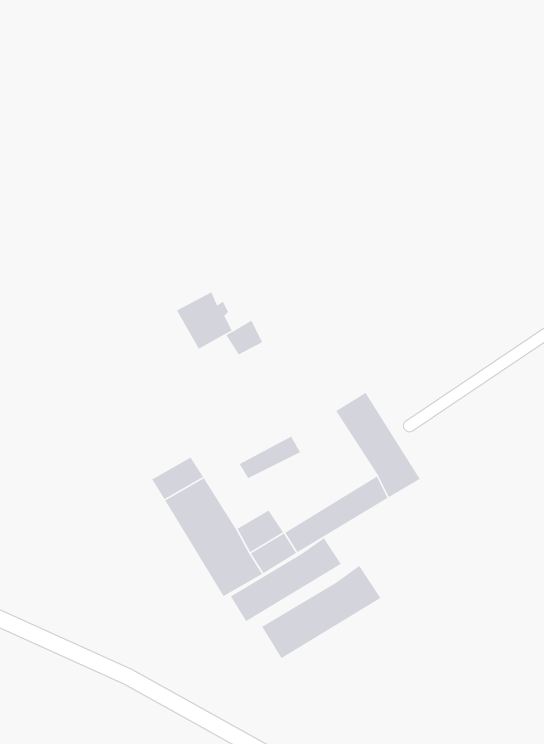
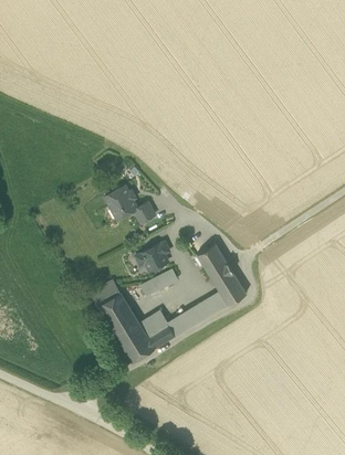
building: none -> [135,242,169,272]
building: [230,537,342,622] -> none
building: [261,565,381,659] -> none

